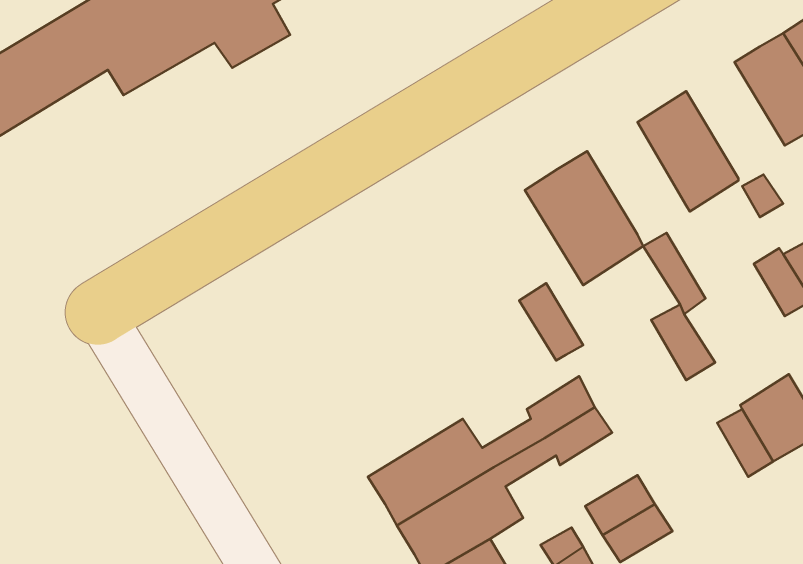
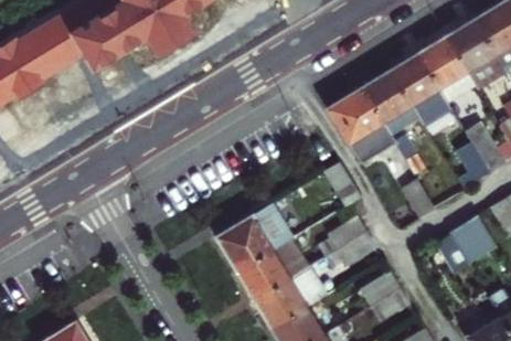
building: none -> [419,36,477,103]
building: none -> [363,71,419,135]
building: none -> [216,203,292,273]

